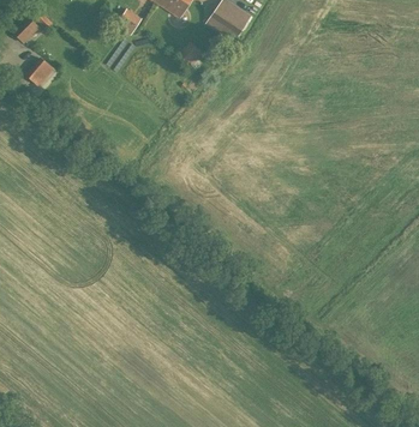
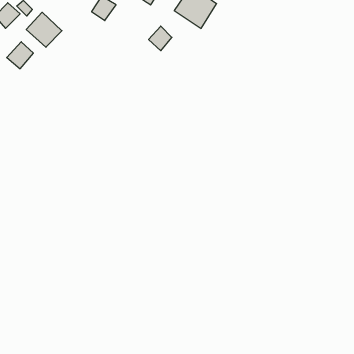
building: none -> [26,12,62,47]

